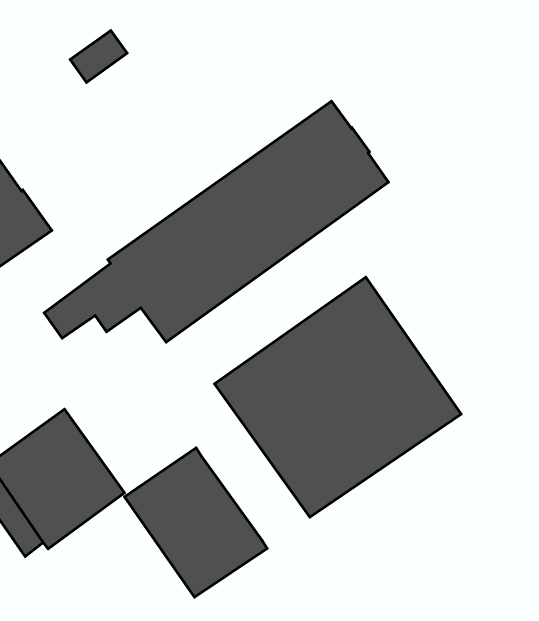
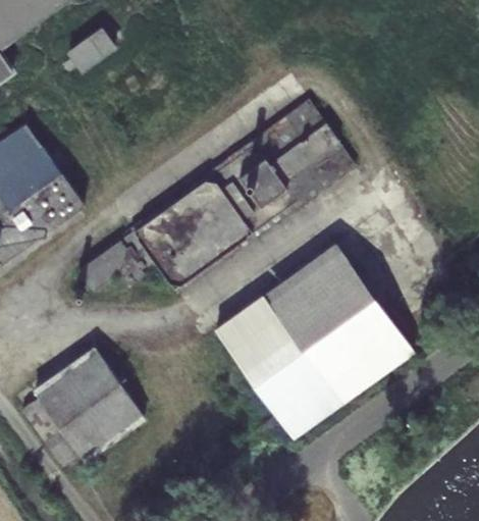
building: [70,30,127,82] -> [68,30,114,71]
building: [125,448,267,597] -> none

